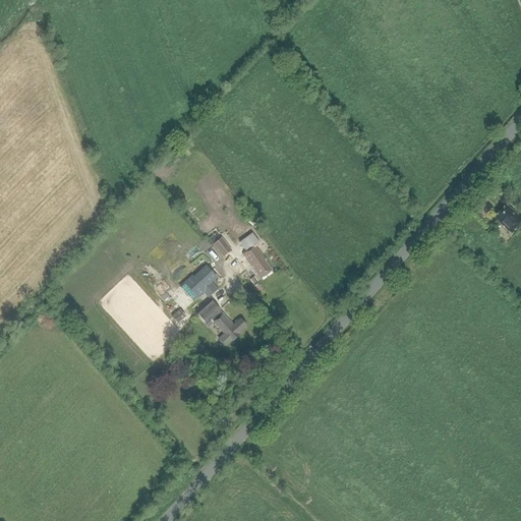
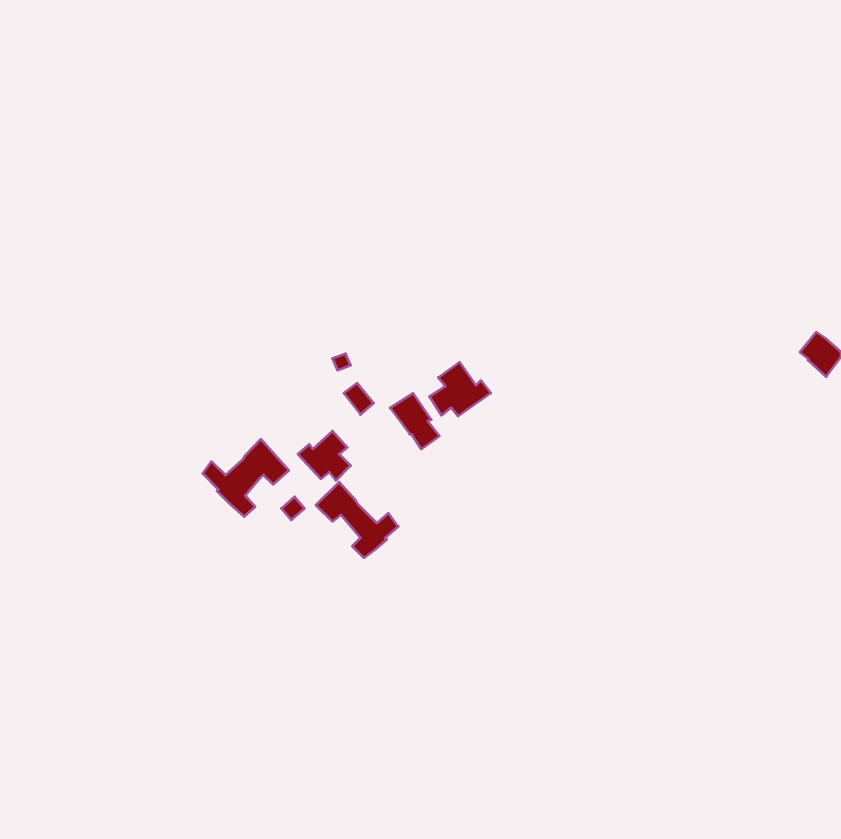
building: none -> [429,362,491,416]
building: none -> [203,439,289,517]

